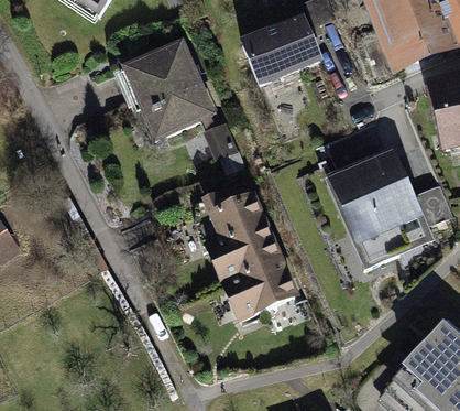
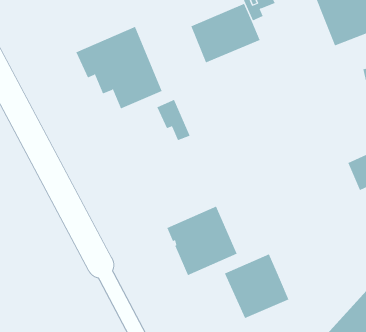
building: [332,152,418,266] -> none
building: [195,185,272,264] -> none
building: none -> [224,253,289,319]

